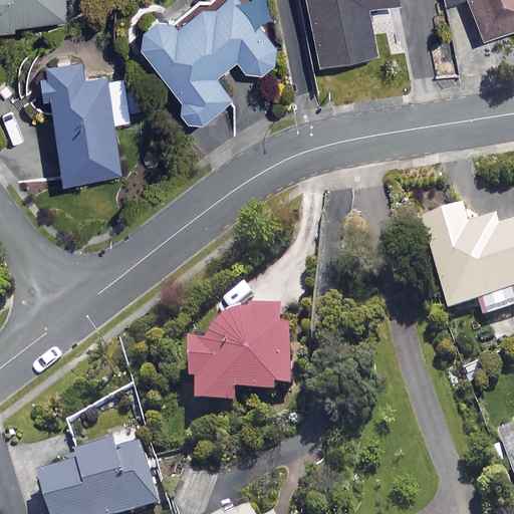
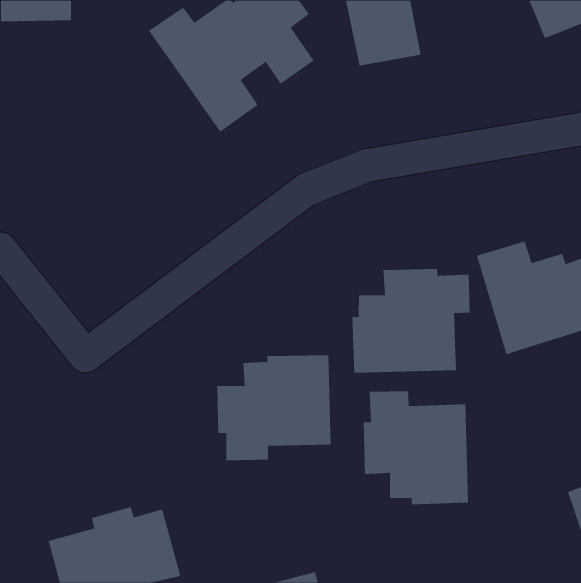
building: [33,57,130,178] -> none
building: none -> [352,268,470,374]
building: none -> [363,390,468,505]

